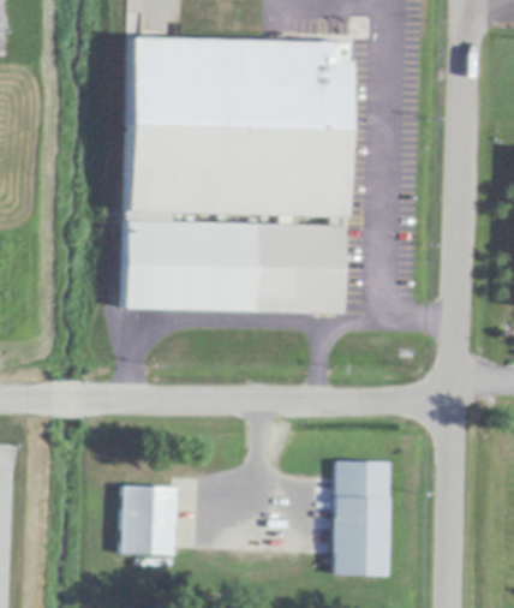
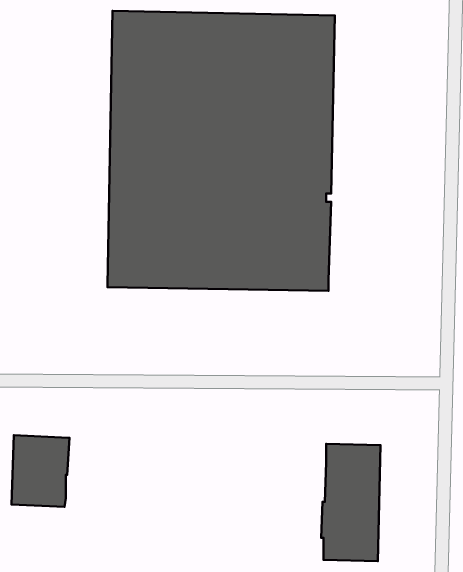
building: [121,484,178,554] -> [12,435,70,507]

